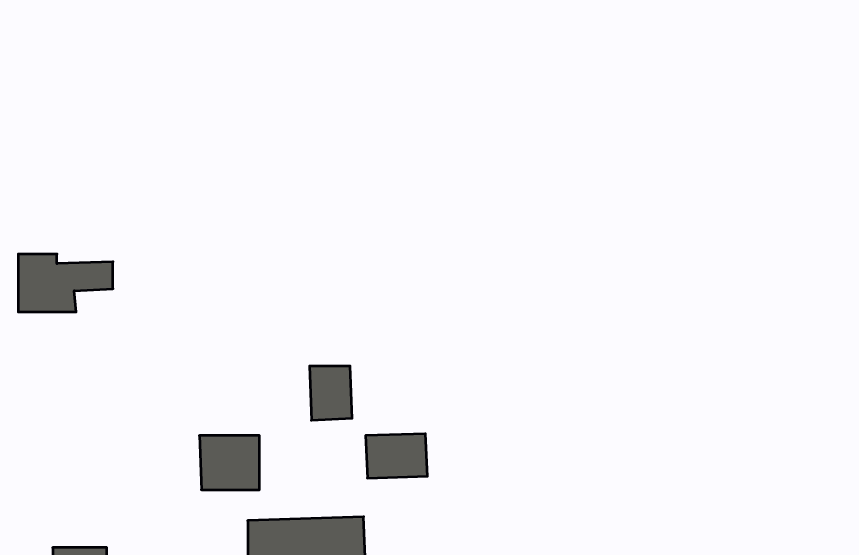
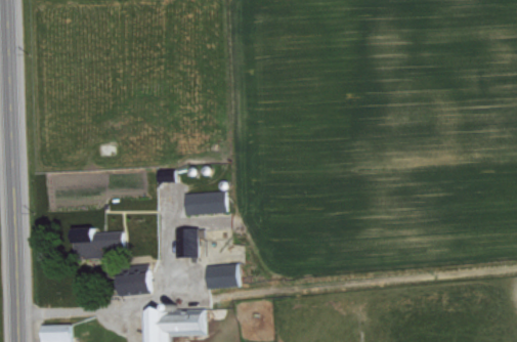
building: [18,254,113,312] -> [73,227,123,258]
building: none -> [184,191,226,214]

